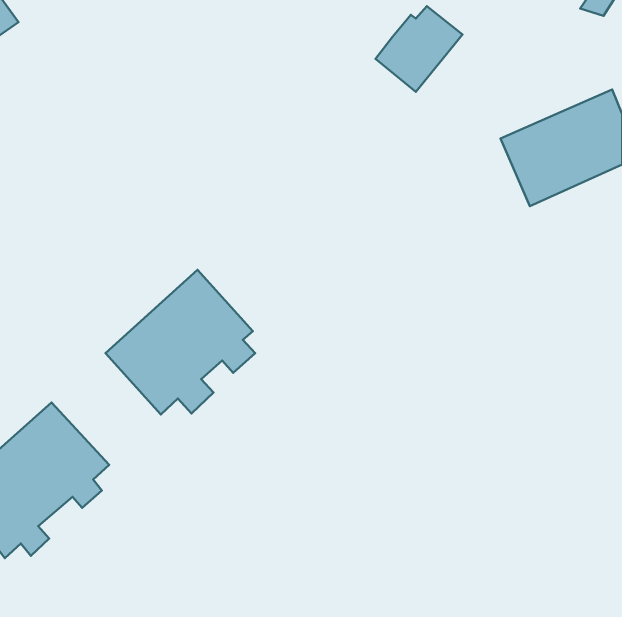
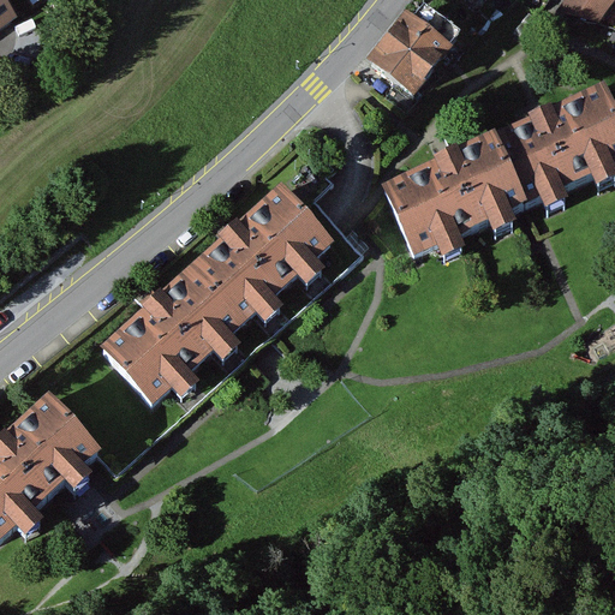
building: none -> [380,136,519,251]
building: none -> [193,183,340,327]

